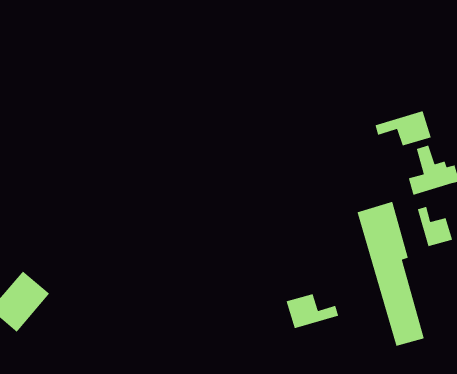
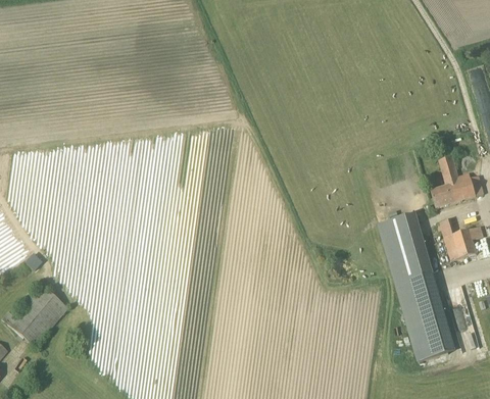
building: [374,110,432,146] -> none
building: [286,293,339,329] -> none

